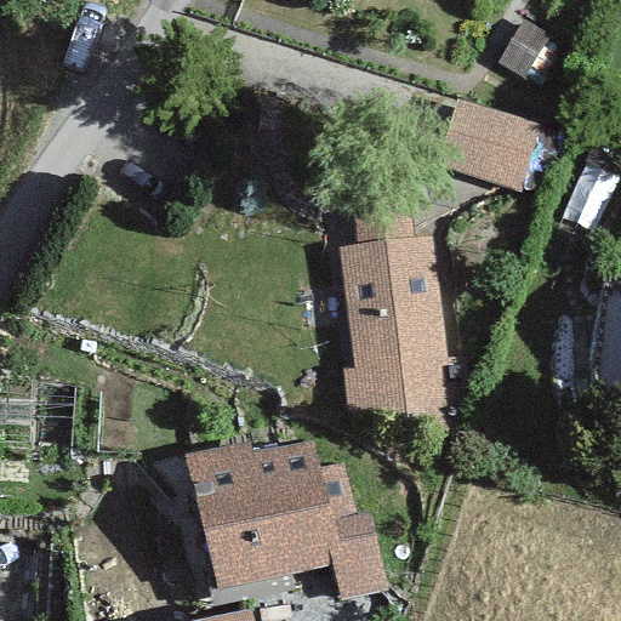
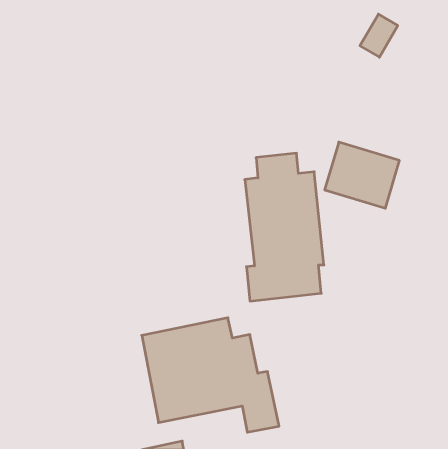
building: [437,102,540,193] -> [325,142,399,208]

